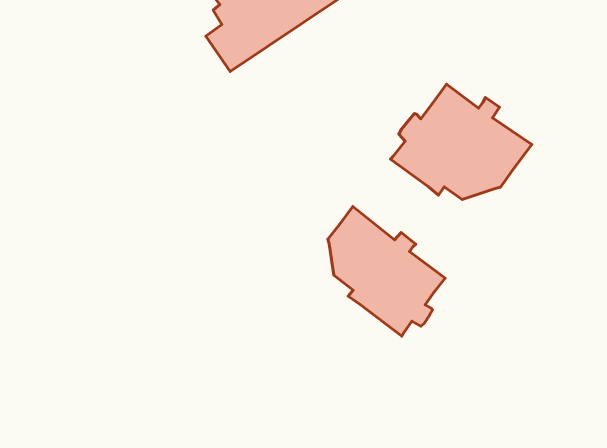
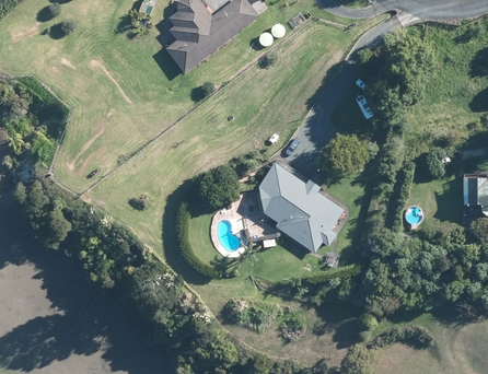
building: [391,84,532,199] -> none

